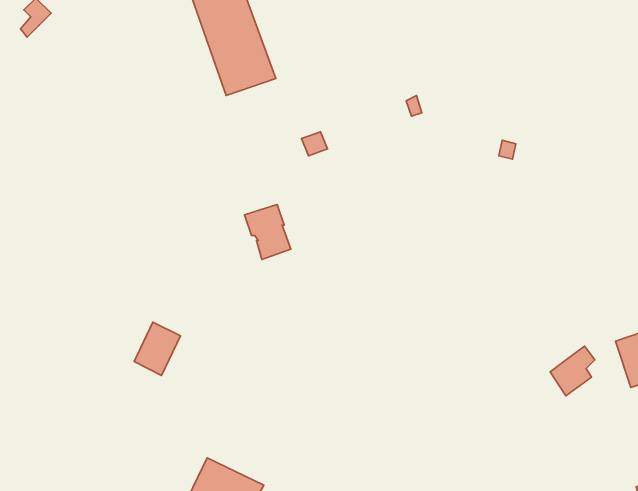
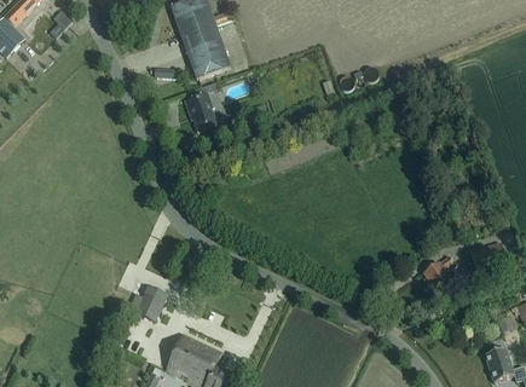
building: [245,205,291,260] -> [185,92,218,131]
building: [134,322,180,375] -> [135,283,168,320]

